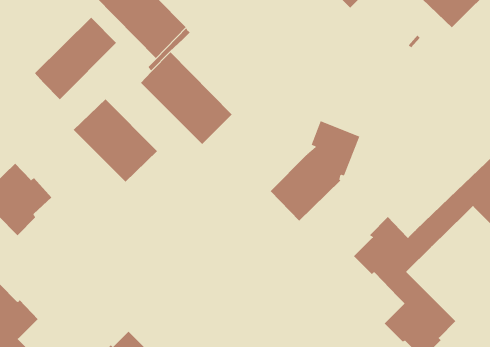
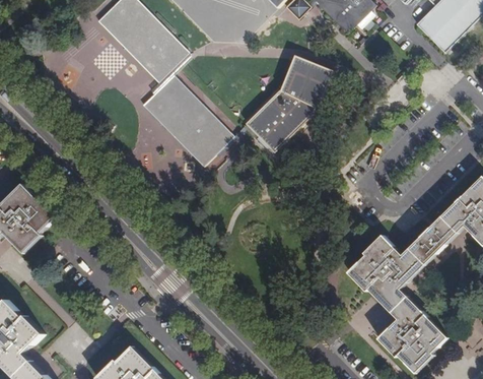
building: [34,17,117,100] -> none
building: [73,99,158,182] -> none
building: [270,121,360,221] -> [246,54,333,151]

